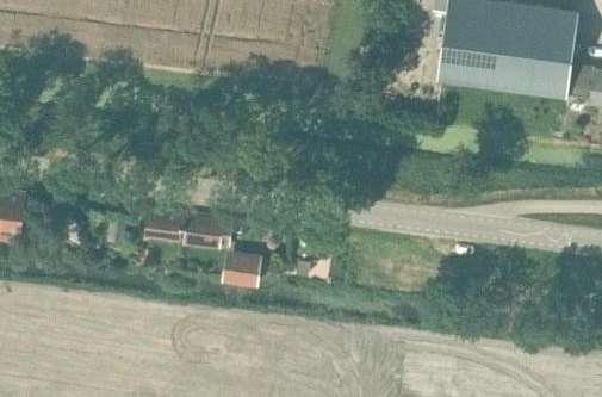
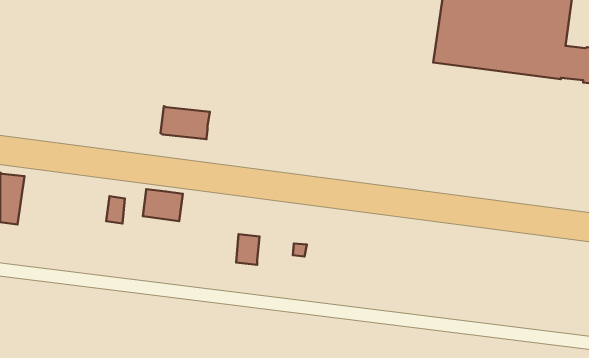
building: [181,213,231,247] -> [160,106,210,139]

